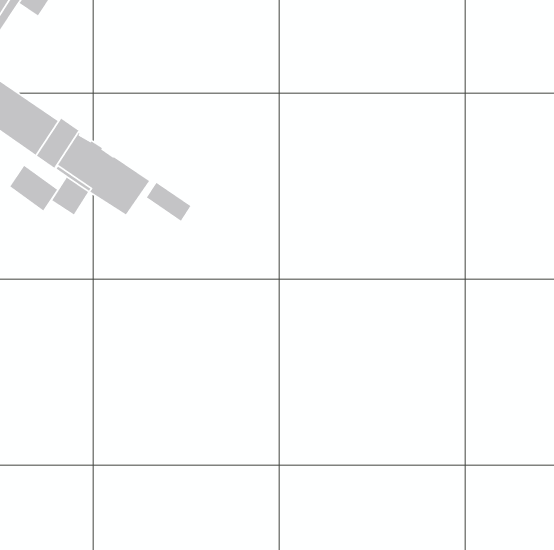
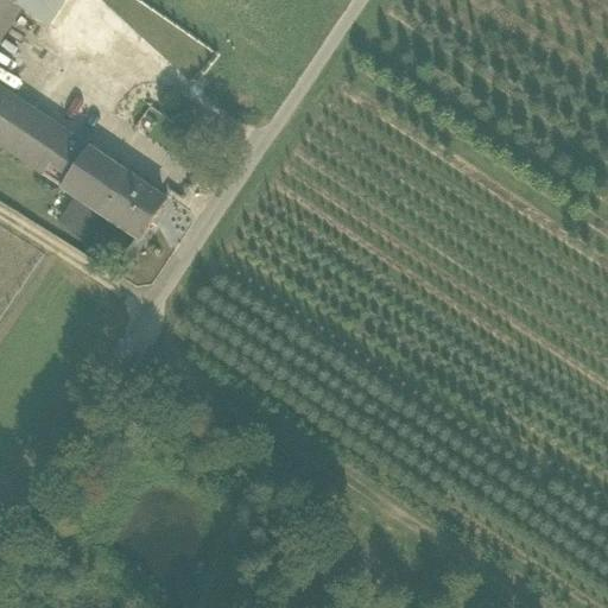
building: [7,165,58,212] -> none
building: [145,182,191,222] -> none

